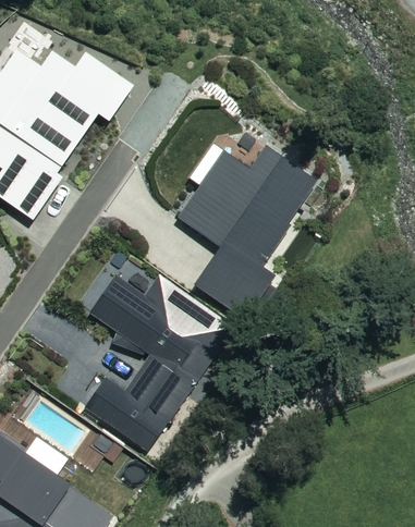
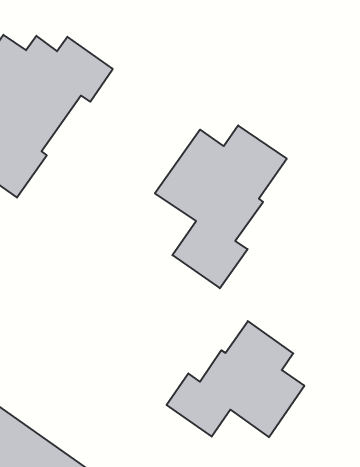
building: [84,274,234,451] -> none
building: none -> [167,321,304,437]

